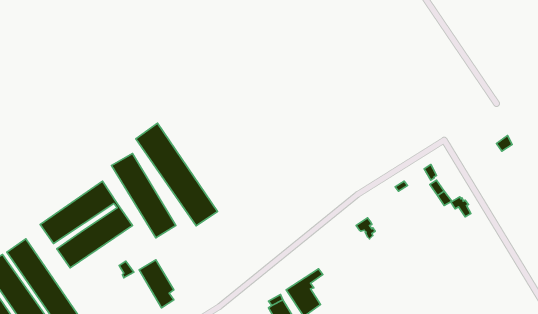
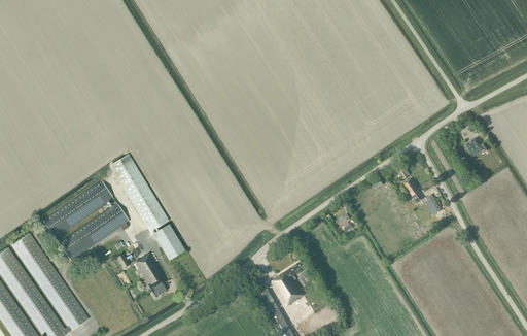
building: [136,123,217,226] -> none
building: none -> [154,224,185,260]

